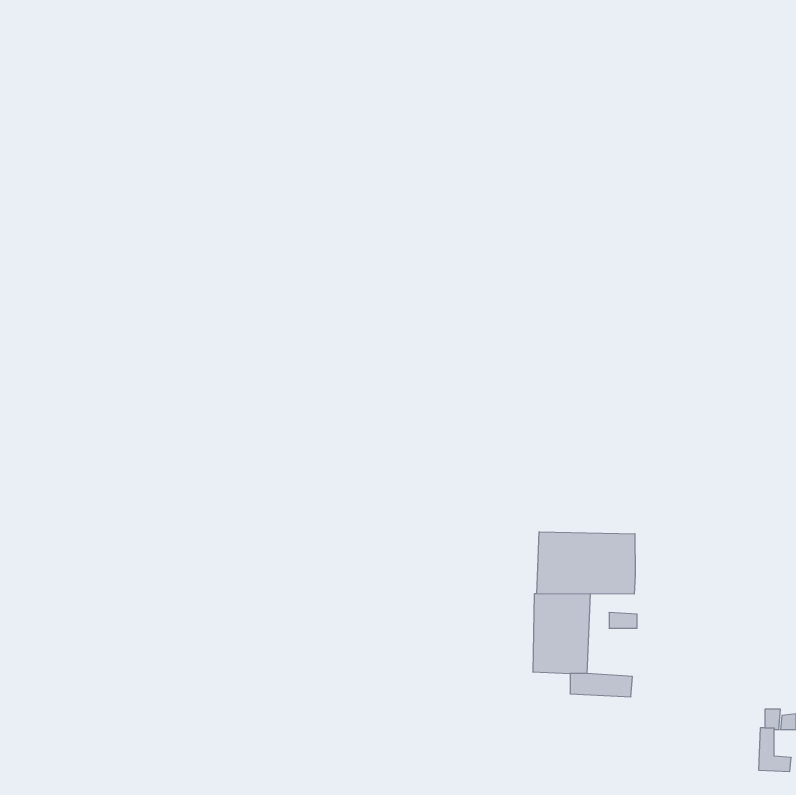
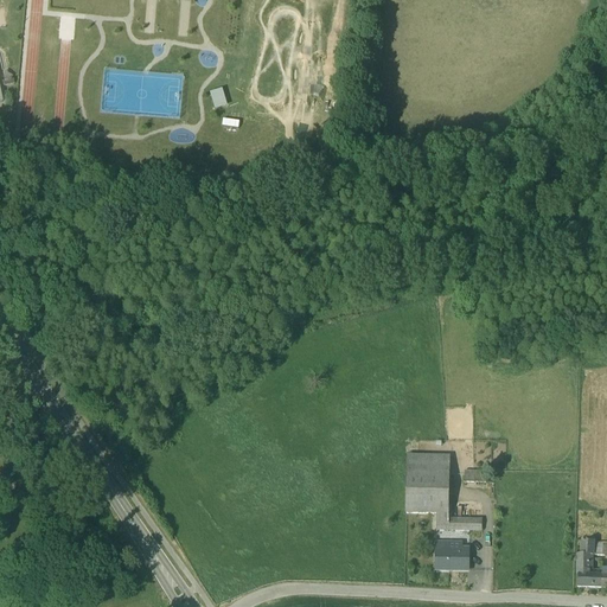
building: [537,532,635,594] -> none
building: none -> [435,539,468,567]

